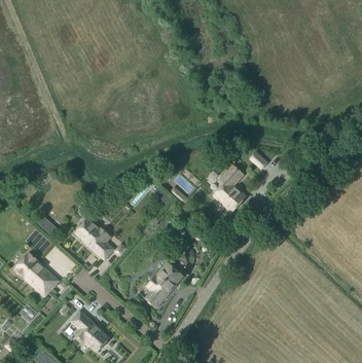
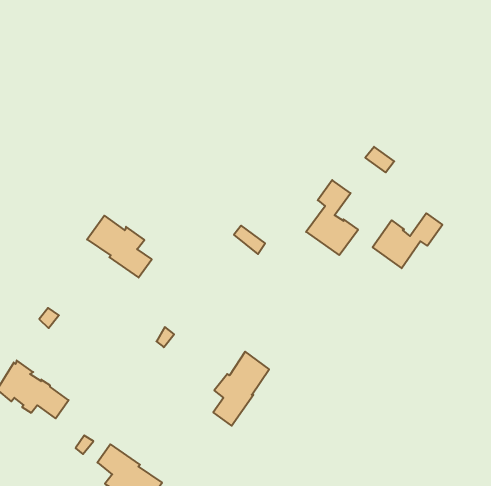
building: none -> [373,213,442,268]
building: [76,219,114,259] -> [87,216,152,278]

